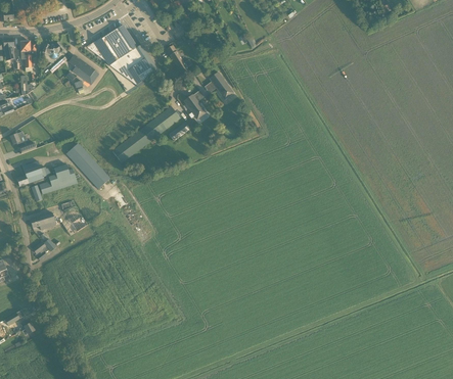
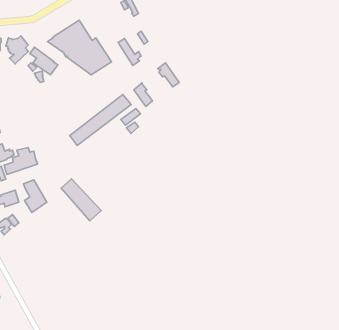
building: [65,143,109,189] -> [61,179,101,221]

